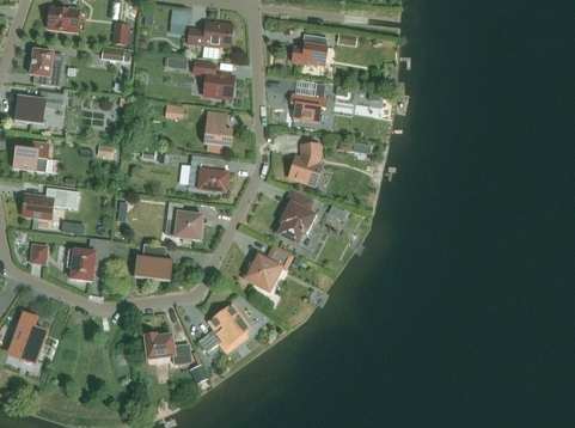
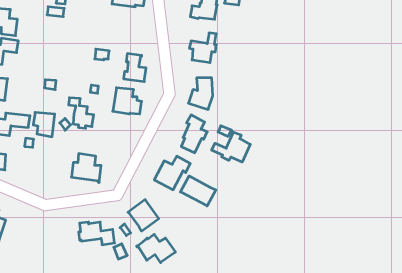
building: [194,62,235,98] -> none
building: [169,201,202,241] -> [69,98,94,128]
building: none -> [212,132,250,162]
building: [66,249,94,281] -> [33,112,55,137]
building: none -> [180,176,216,206]
building: none -> [137,234,175,263]

